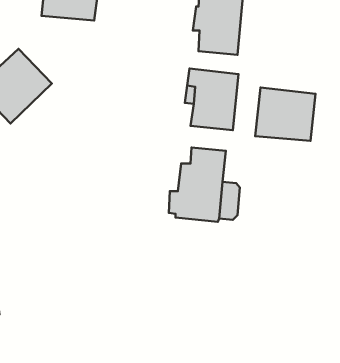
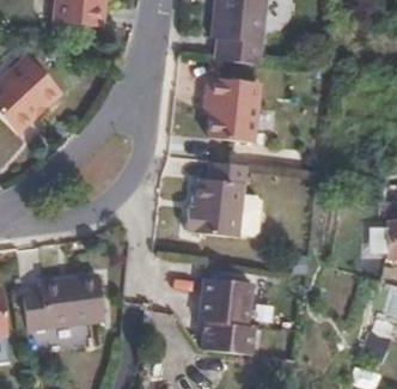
building: [255,88,316,141] -> none
building: none -> [25,274,106,330]
building: none -> [201,278,256,352]

